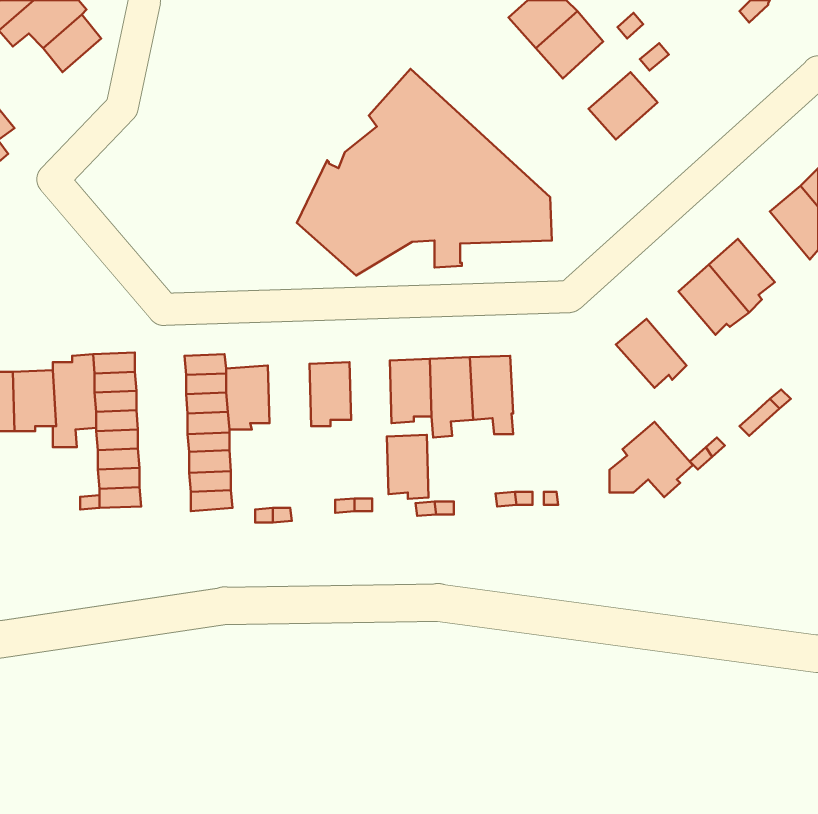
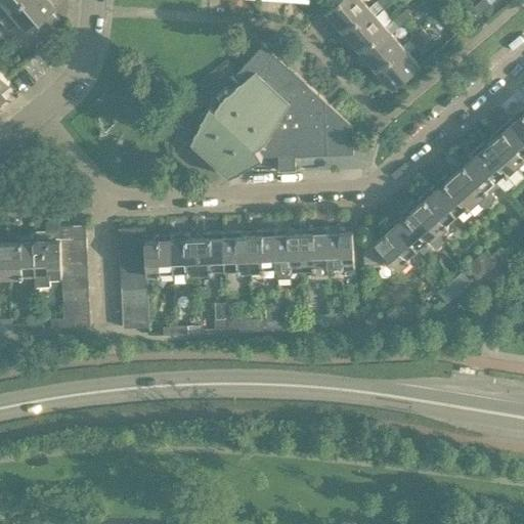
building: none -> [359,30,402,73]
building: none -> [471,138,517,183]
building: none -> [412,189,456,236]
building: none -> [325,229,354,270]
building: none -> [171,235,199,276]
building: [610,422,693,497] -> [364,223,418,271]
building: [387,435,429,499] -> [223,233,250,274]

